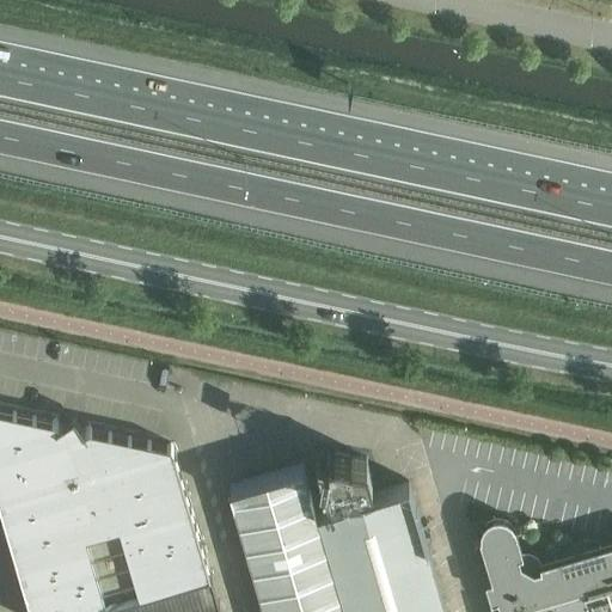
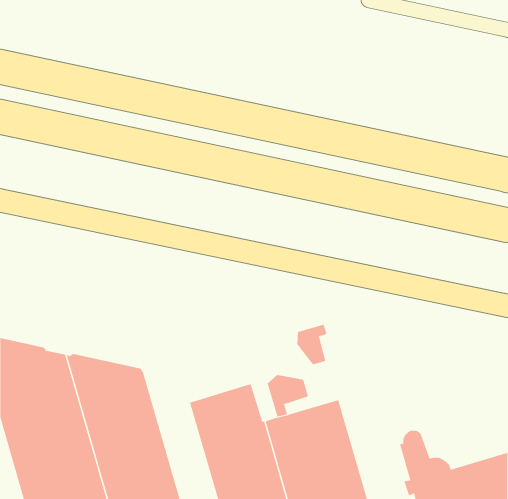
building: none -> [297,324,327,365]

